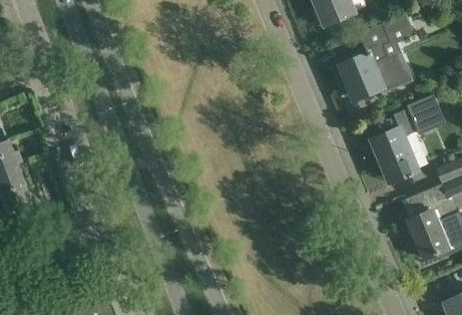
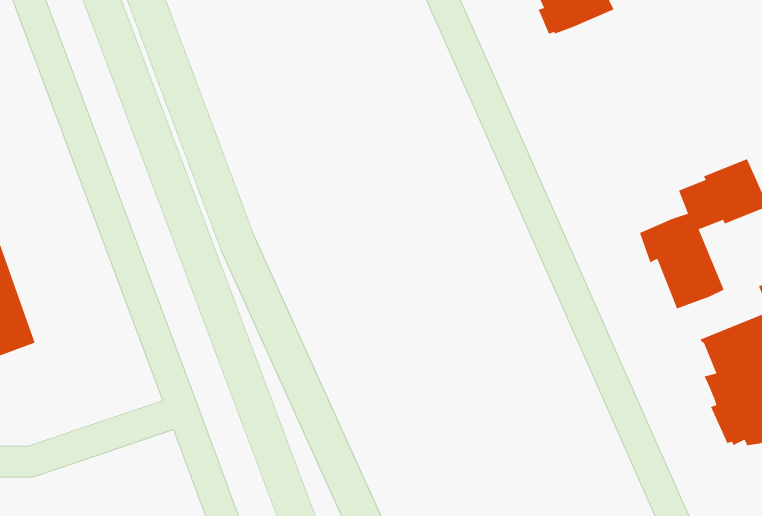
building: [339,14,409,97] -> none

